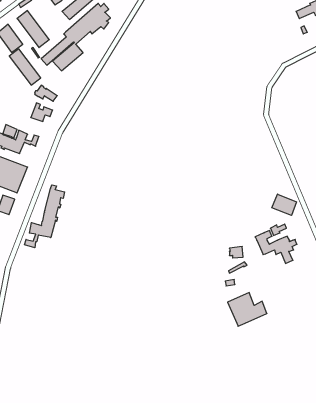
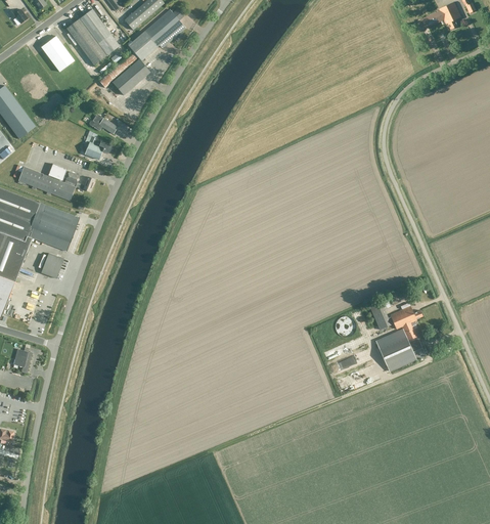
building: [9,49,41,85] -> [79,8,119,54]
building: [25,185,65,248] -> none
building: [272,194,297,215] -> none
building: [228,293,267,326] -> [374,328,425,370]

